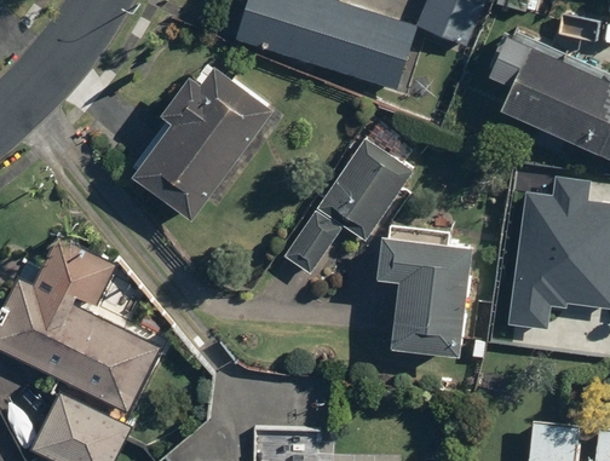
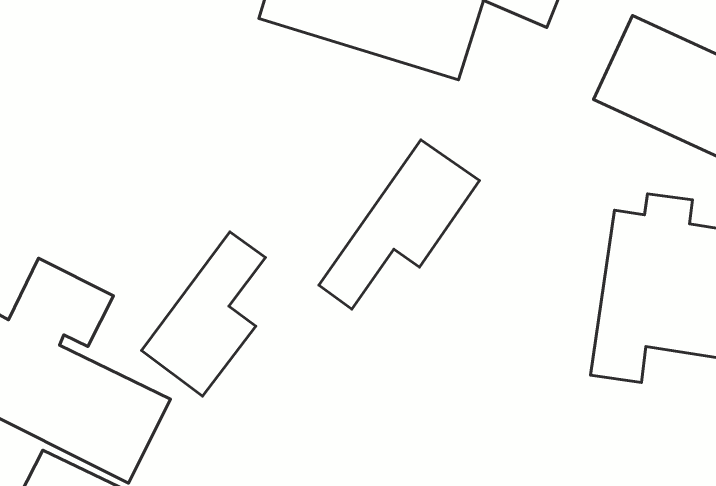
building: [136,63,276,217] -> none
building: none -> [141,232,265,396]
building: [380,230,477,353] -> none

